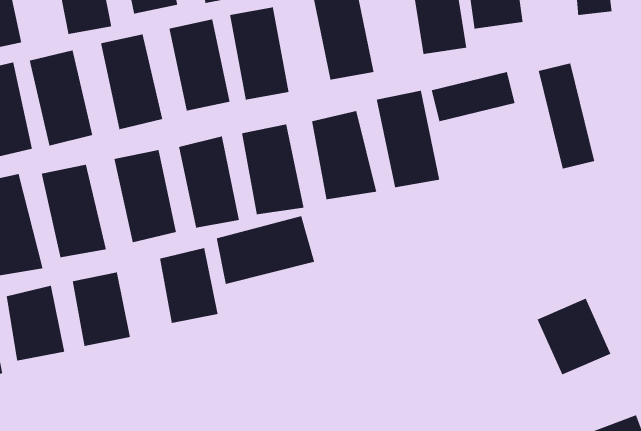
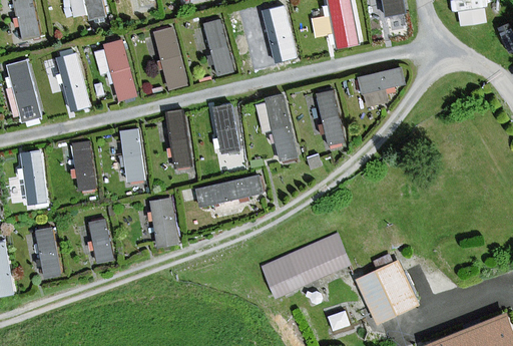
building: [538,63,595,170] -> none
building: [536,298,612,376] -> [353,266,409,324]
building: none -> [258,239,342,297]

